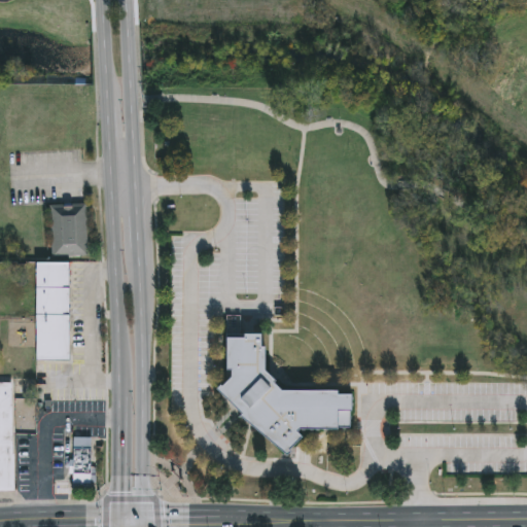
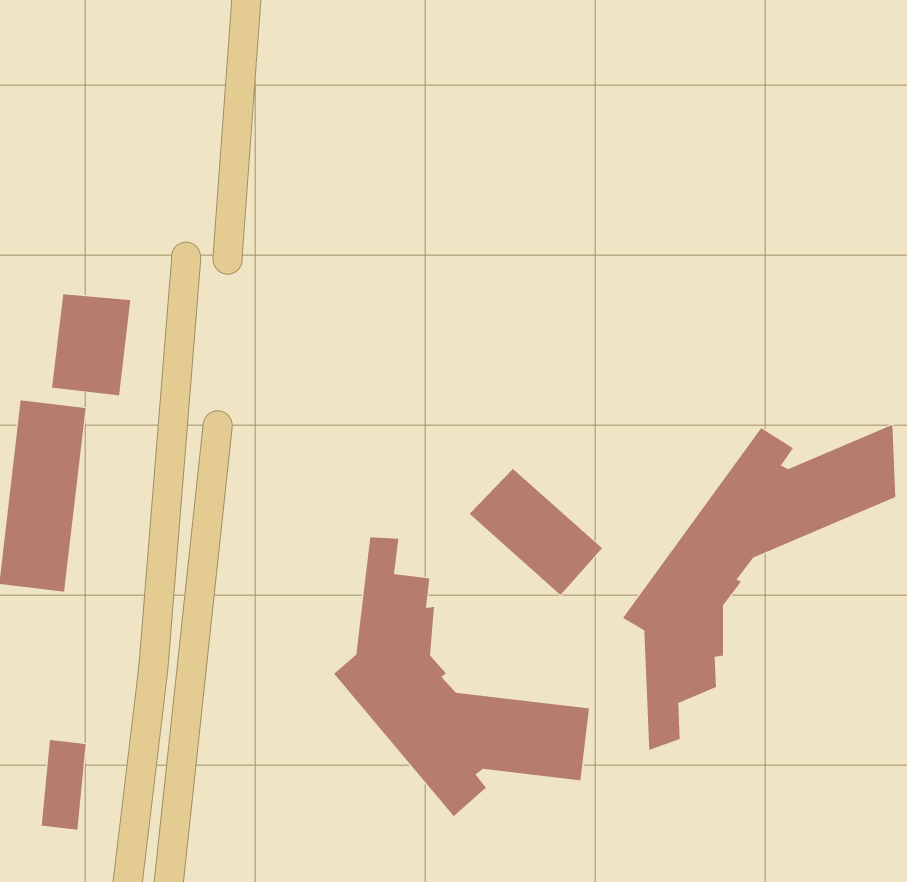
building: none -> [622,424,896,751]
building: none -> [469,468,603,596]

